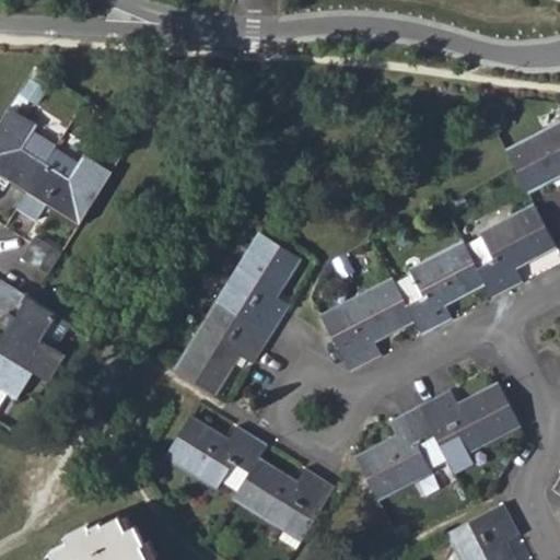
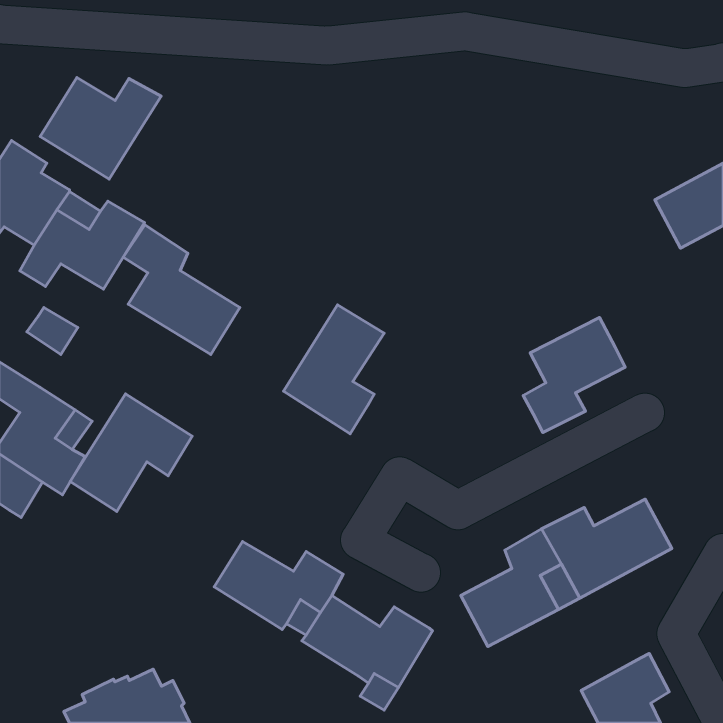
building: none -> [40,77,161,179]
building: none -> [123,225,240,355]
building: [475,209,553,298] -> none
building: [319,281,411,371] -> none
building: [176,302,270,393] -> [70,394,192,511]

